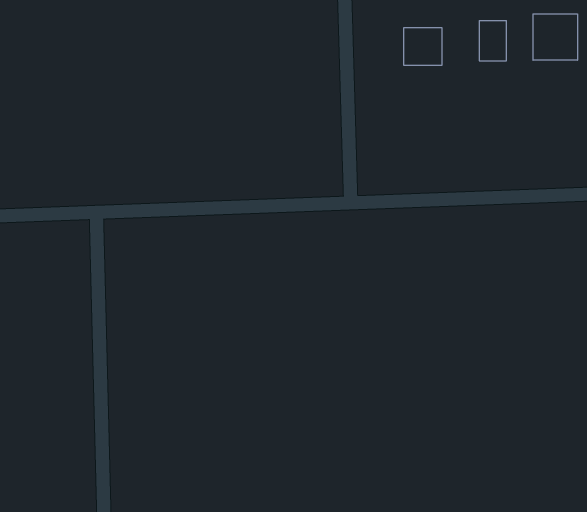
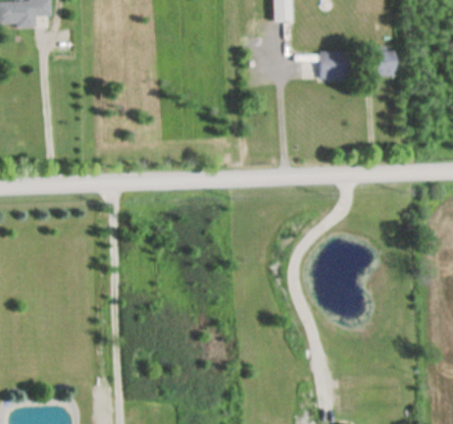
building: [533,14,577,60] -> none

